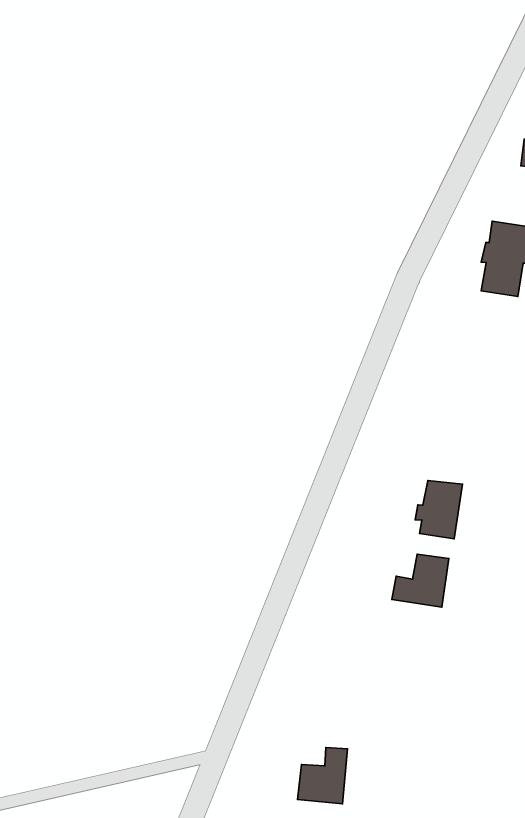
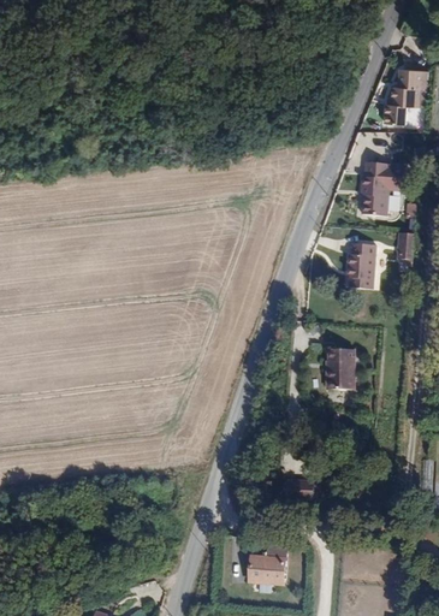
building: none -> [349,243,379,289]
building: [392,554,449,607] -> none

